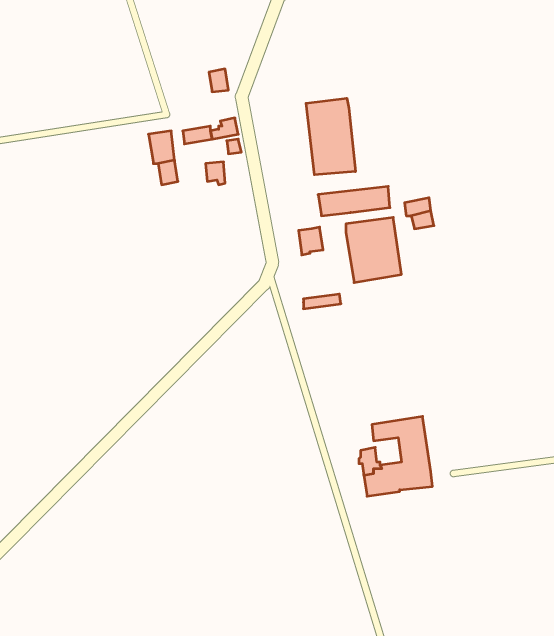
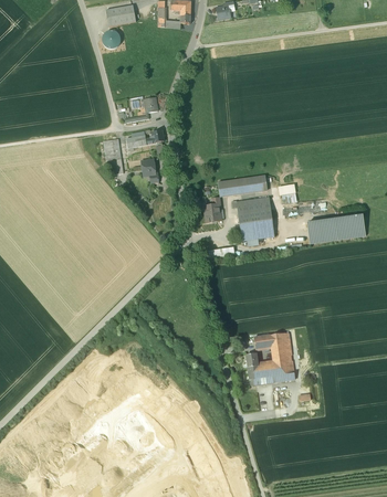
building: [306,98,355,175] -> none
building: none -> [307,216,365,243]

